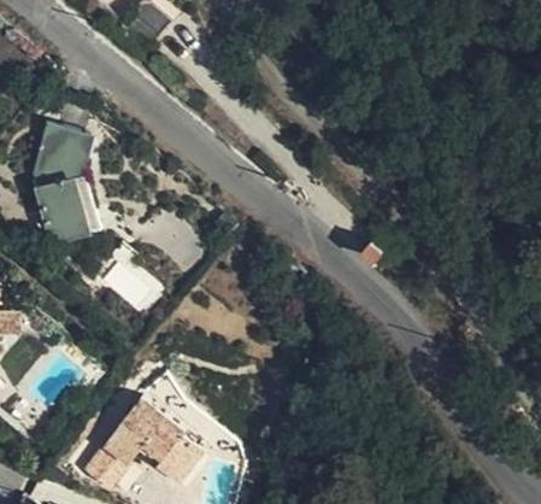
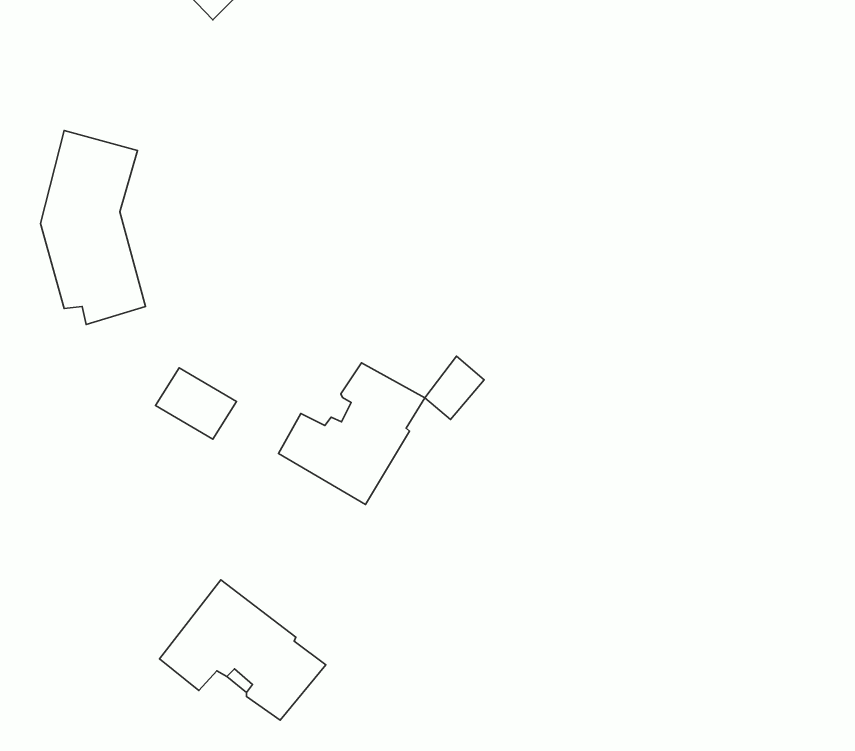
building: none -> [278,363,425,505]
building: [84,444,130,491] -> none

